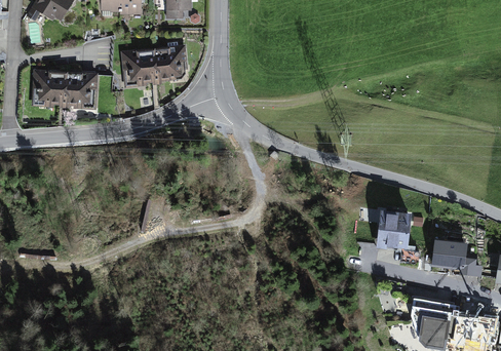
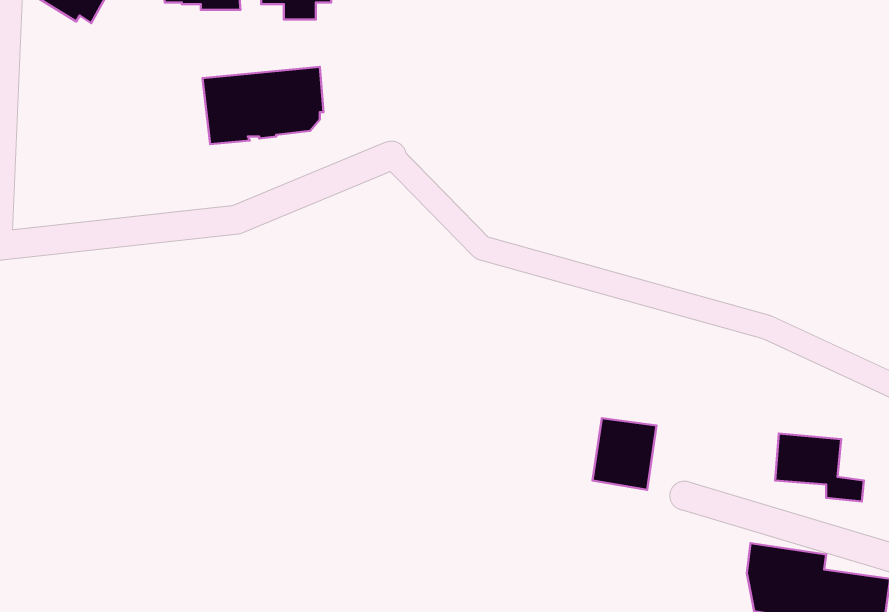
building: [31,67,98,107] -> none
building: [378,210,413,249] -> [592,418,657,490]

